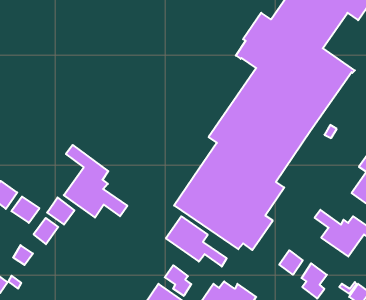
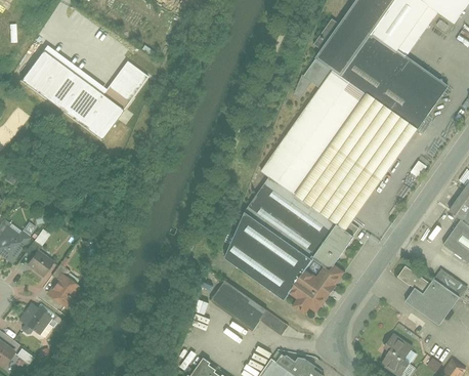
building: none -> [22,49,146,136]
building: [64,145,127,218] -> none
building: [47,197,74,225] -> none
building: [279,250,303,275] -> none
building: [165,265,191,296] -> none

